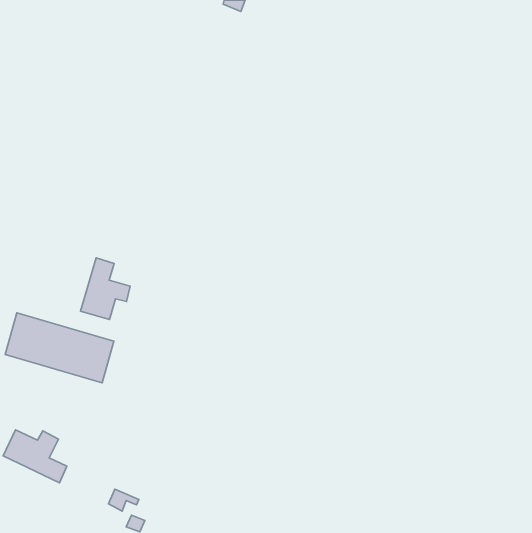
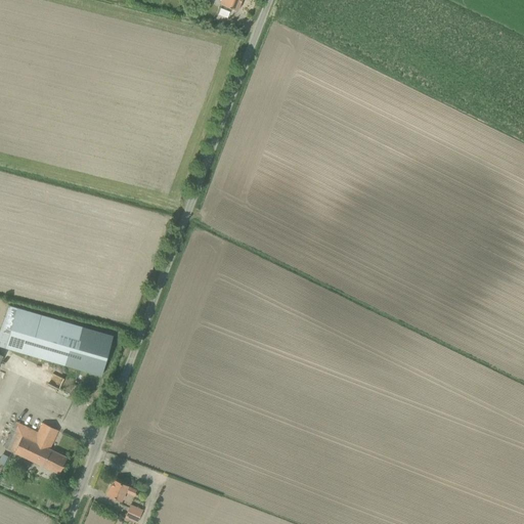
building: [80,258,130,320] -> none

